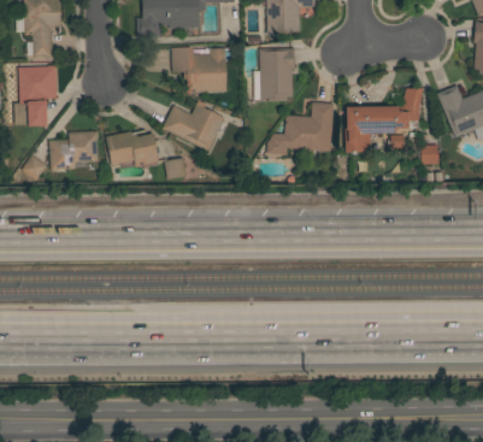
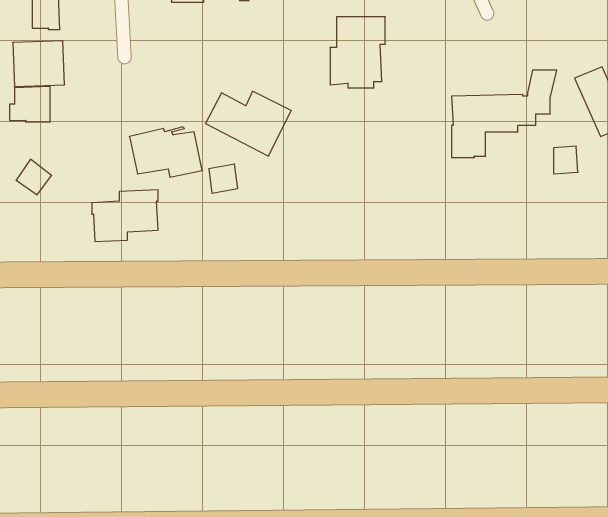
building: [171,47,232,94] -> none
building: [266,102,334,155] -> none
building: [48,131,98,170] -> [92,190,158,242]

